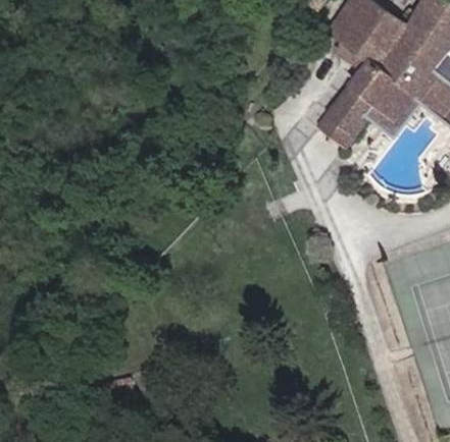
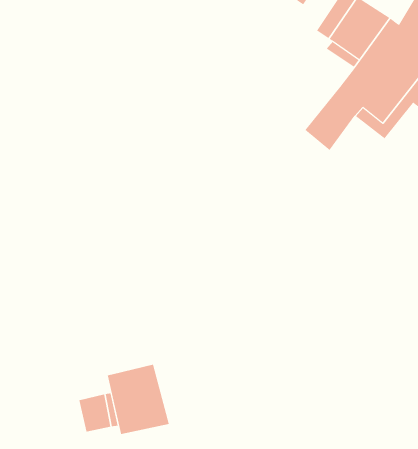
building: none -> [107,364,170,435]

